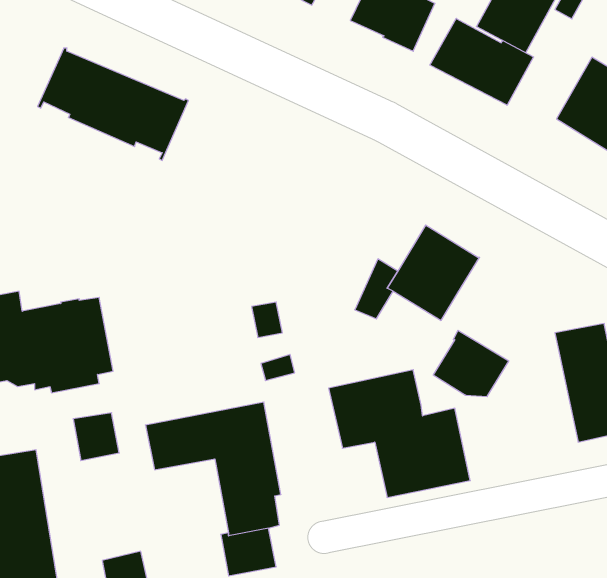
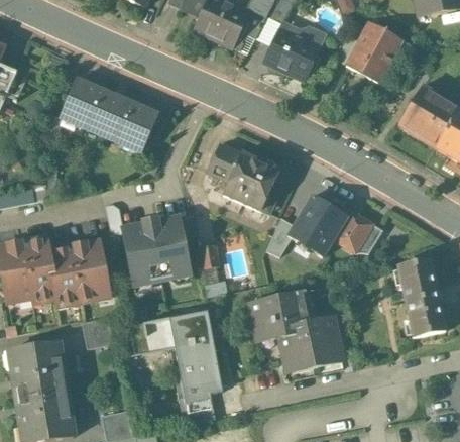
building: [430,18,534,105] -> none
building: none -> [207,144,278,210]
building: none -> [119,214,189,280]
building: [433,330,509,397] -> [334,209,383,252]

